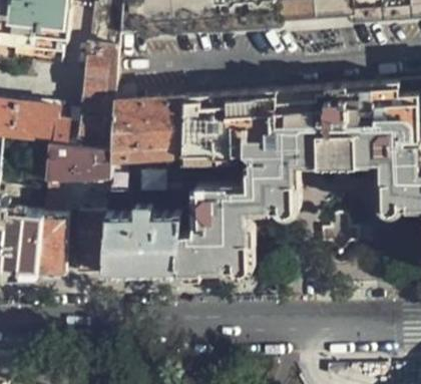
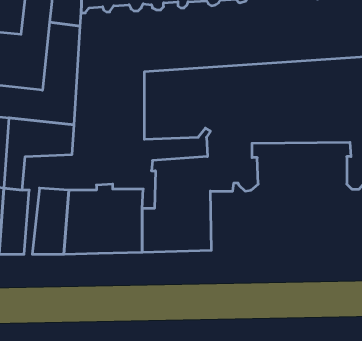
building: [111,99,183,196] -> none

